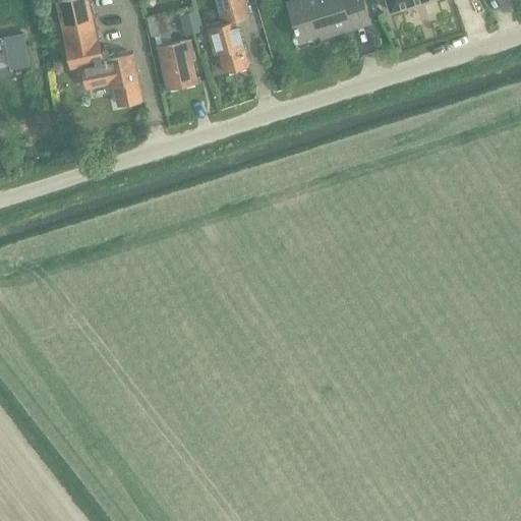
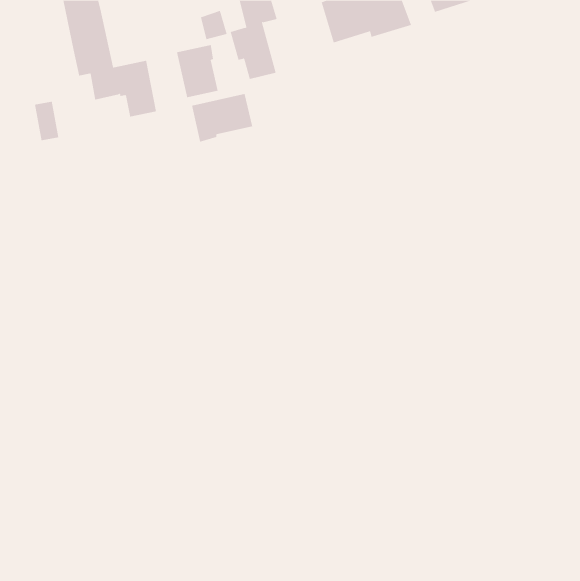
building: [5,34,27,69] -> [34,101,59,141]
building: none -> [192,93,253,142]

